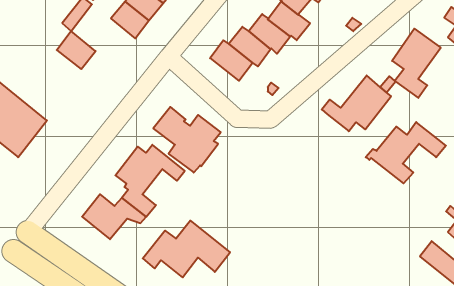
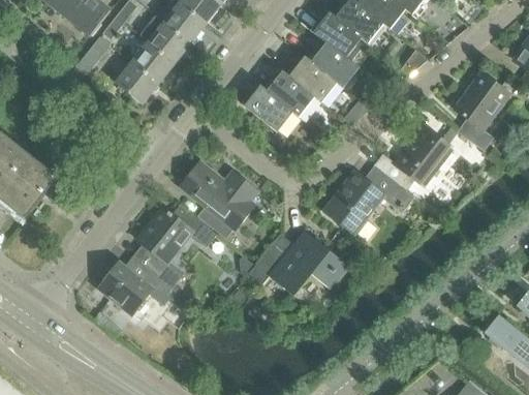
building: [57,31,96,69] -> [115,60,159,103]
building: [366,122,446,183] -> [321,170,413,240]
building: [143,221,230,277] -> [249,230,349,295]

